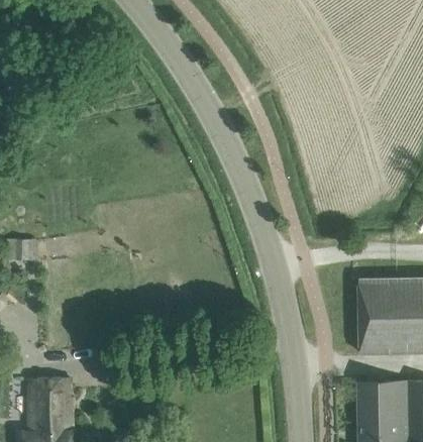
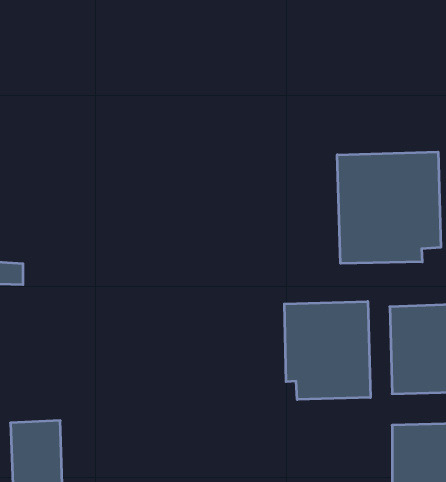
building: none -> [337,152,441,263]
building: none -> [284,301,370,400]

